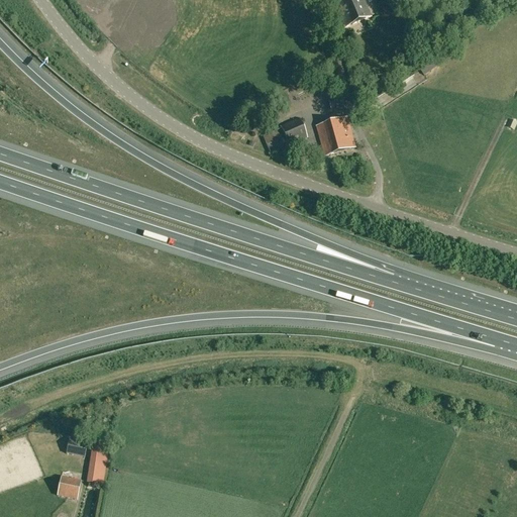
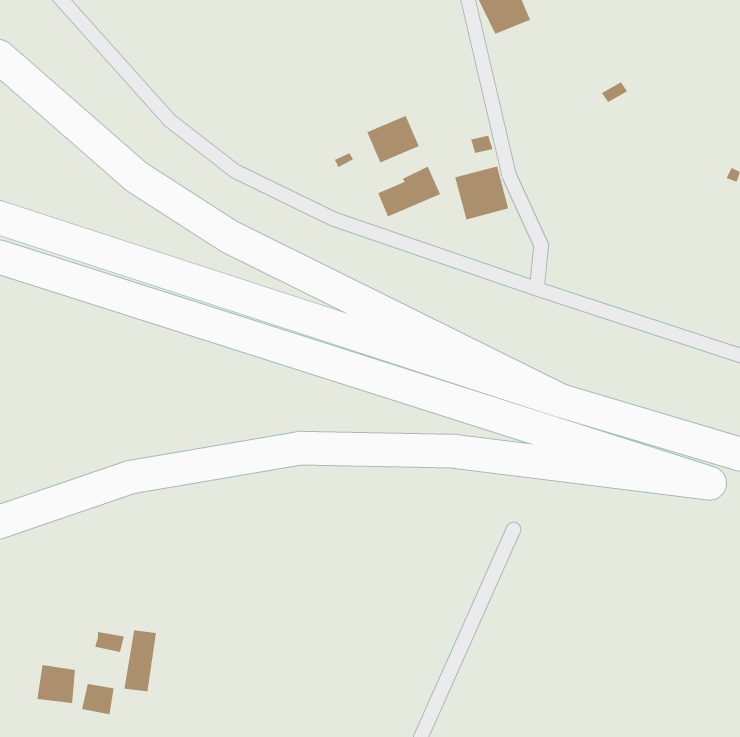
building: none -> [366,115,420,164]
building: none -> [36,664,76,704]

